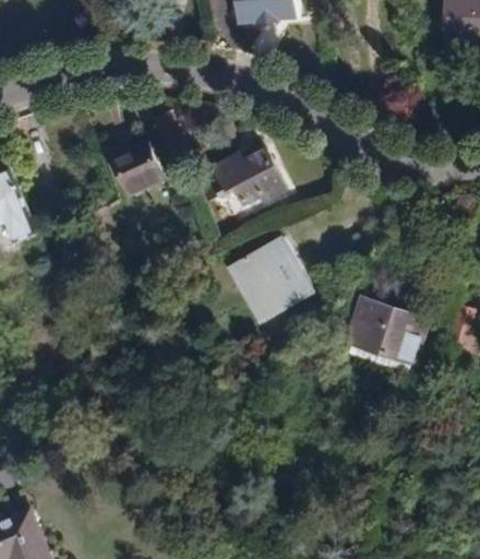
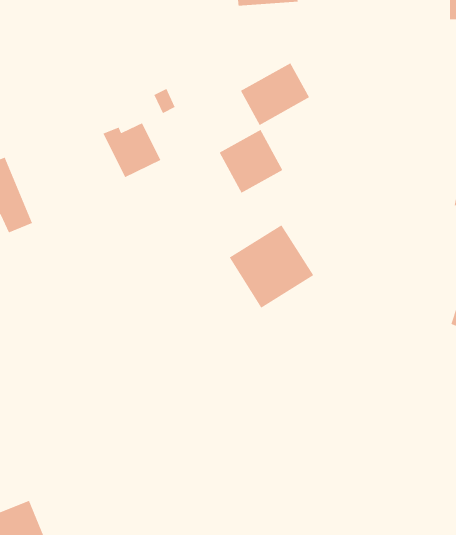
building: none -> [240,62,310,126]
building: [343,298,419,365] -> none

